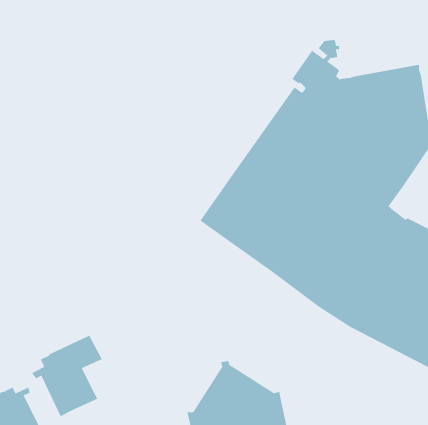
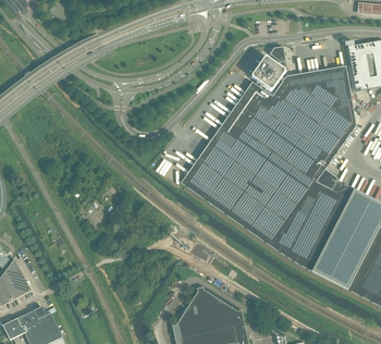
building: [31,335,102,417] -> none

